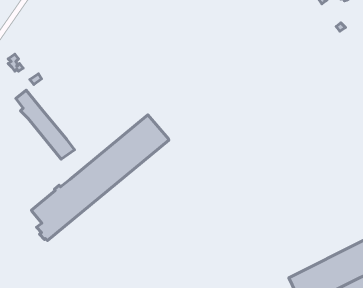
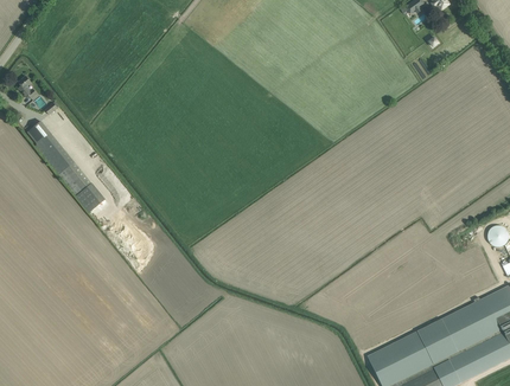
building: [32,115,169,240] -> none

